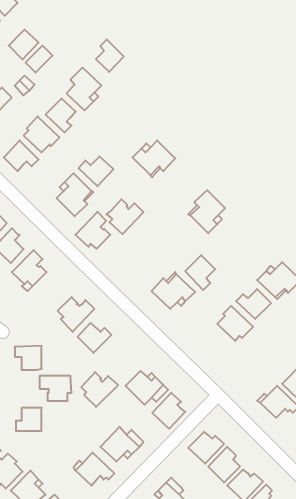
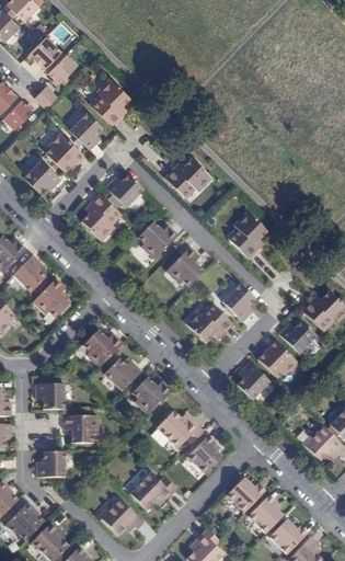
building: [96,39,124,72] -> none
building: [75,212,110,249] -> [164,247,203,287]
building: none -> [237,362,269,400]
building: [81,372,118,407] -> [131,376,172,414]

